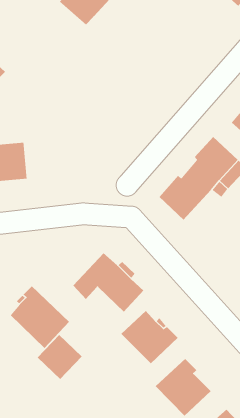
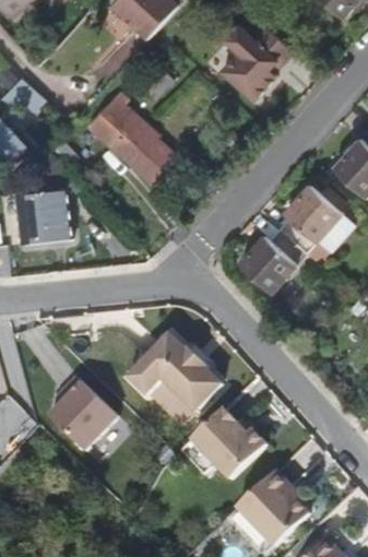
building: none -> [219,24,293,100]
building: none -> [90,95,166,175]
building: [37,334,83,380] -> none

